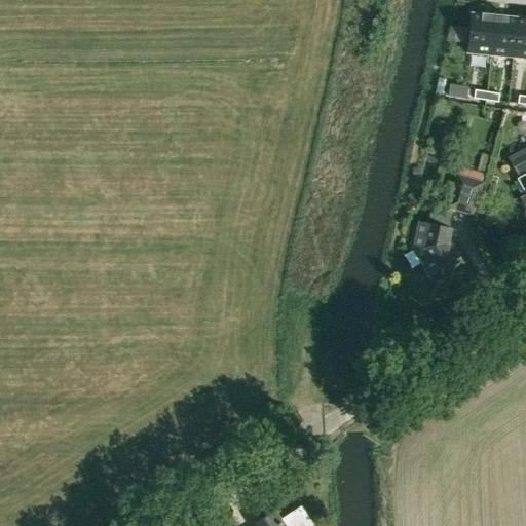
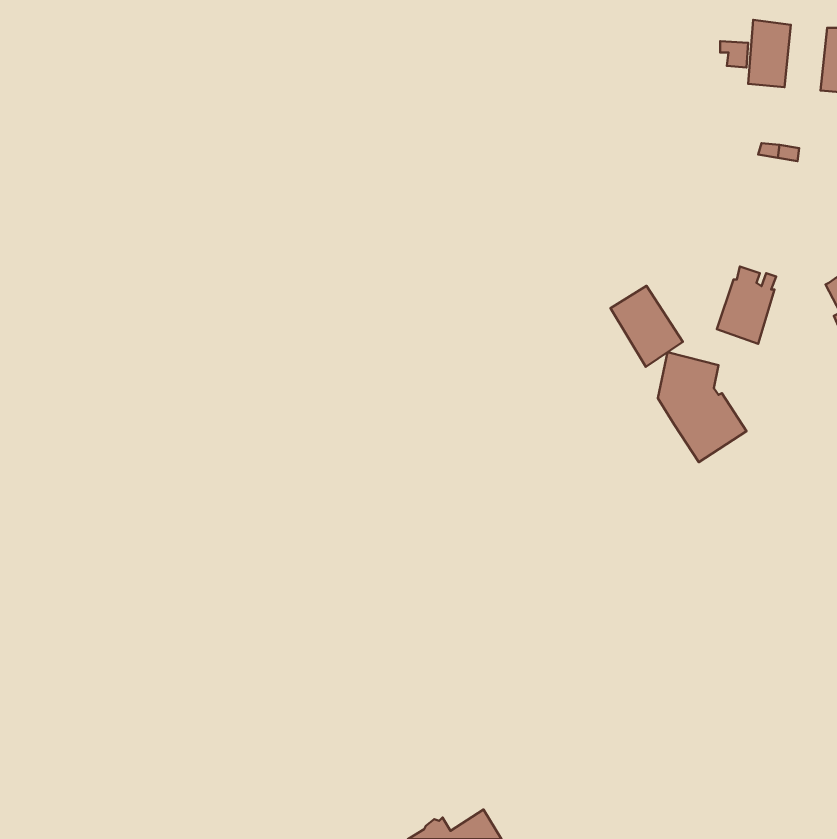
building: [492,15,519,57] -> none
building: none -> [610,286,683,367]

